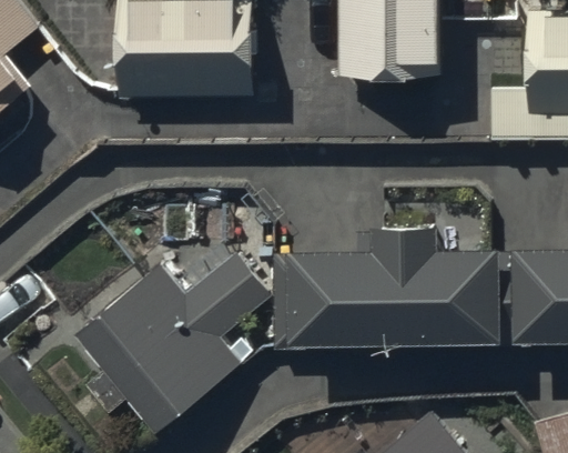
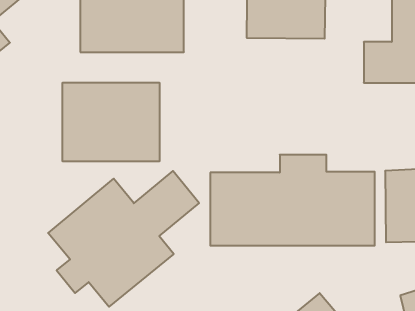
building: none -> [63,83,159,161]

